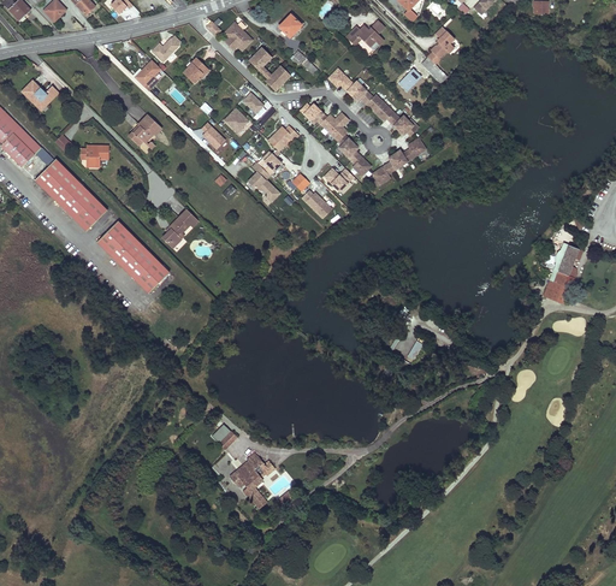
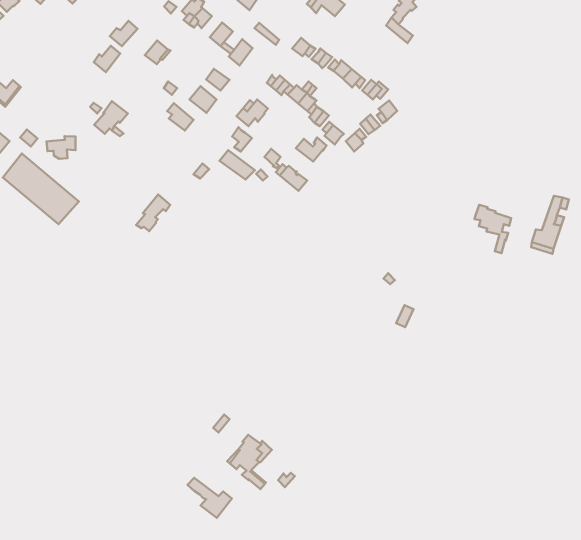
building: [95,219,167,291] -> none
building: none -> [474,205,511,253]
building: none -> [188,478,232,518]

